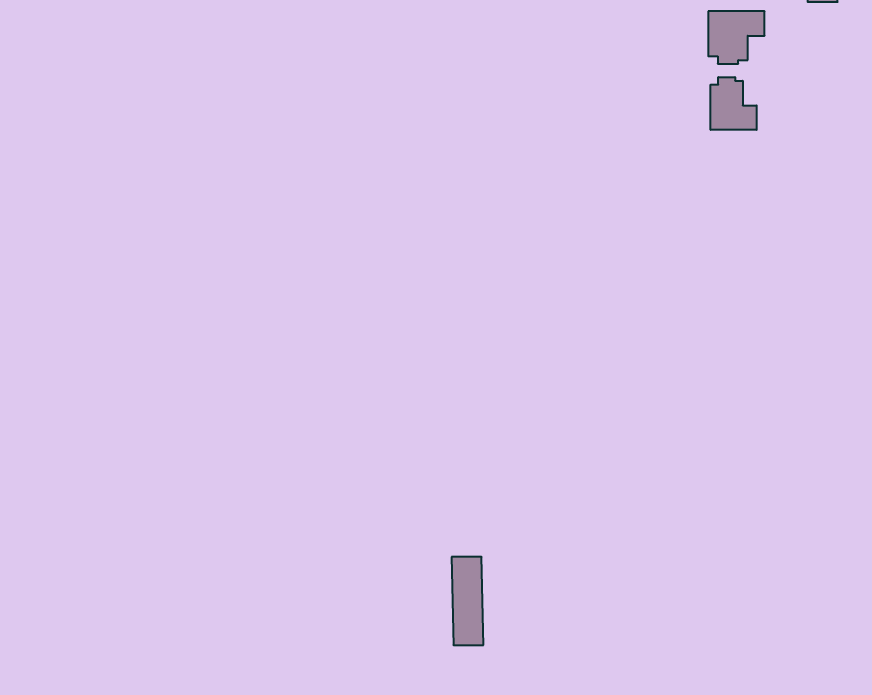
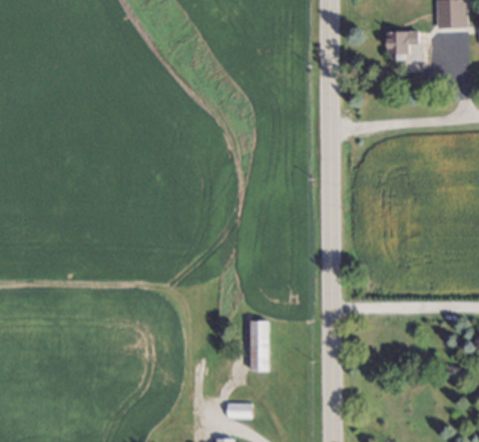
building: [711,77,757,130] -> none

